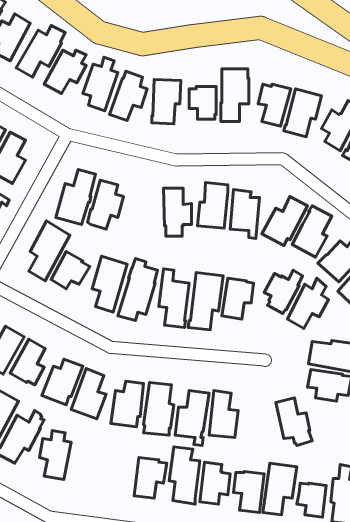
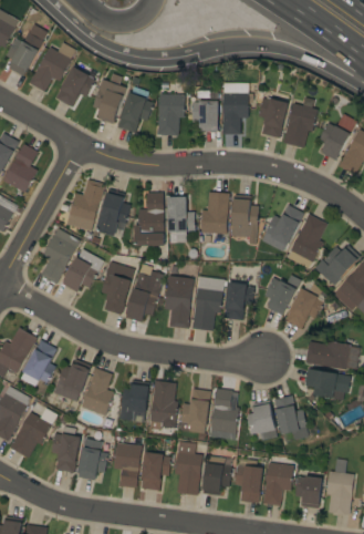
building: none -> [134,193,164,246]
building: none -> [247,400,277,441]
building: none -> [77,439,107,481]
building: none -> [113,443,142,489]

